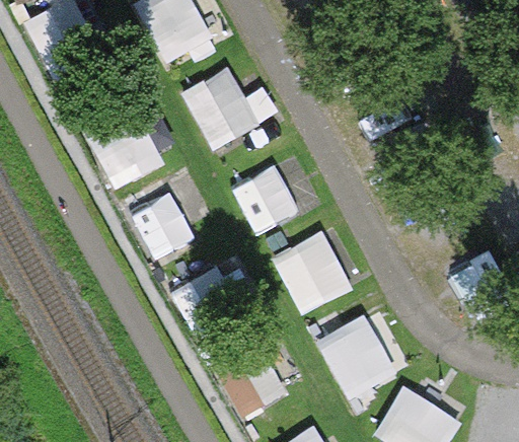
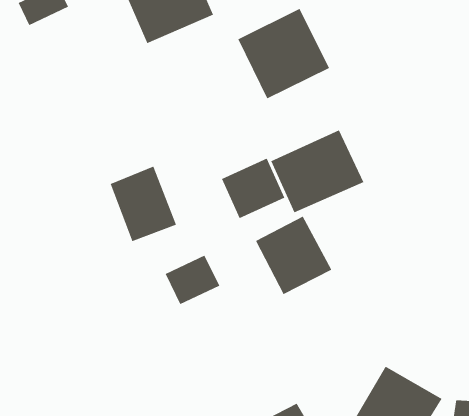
building: [180,55,274,147] -> [238,8,330,99]
building: none -> [270,129,364,213]
building: [319,317,392,394] -> none

